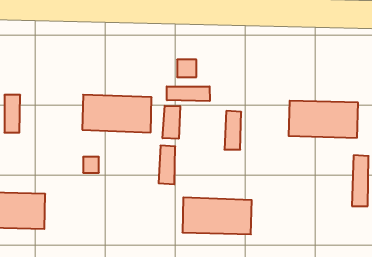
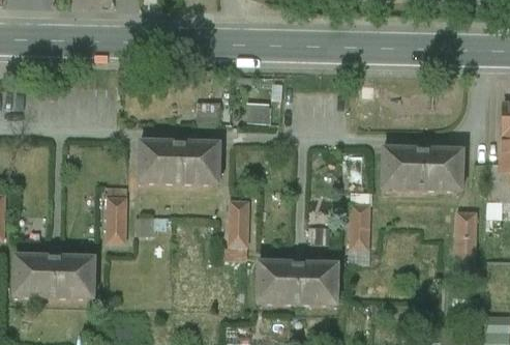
building: [167,86,210,101] -> none
building: [4,95,20,133] -> [108,197,126,241]
building: [163,106,180,139] -> none
building: [224,111,241,150] -> [350,203,369,249]

